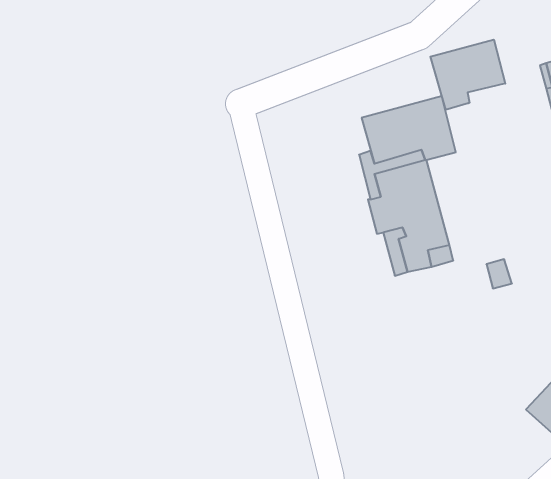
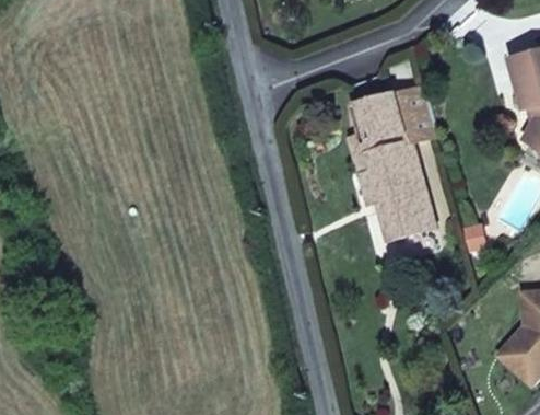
building: [430,40,505,110] -> none

